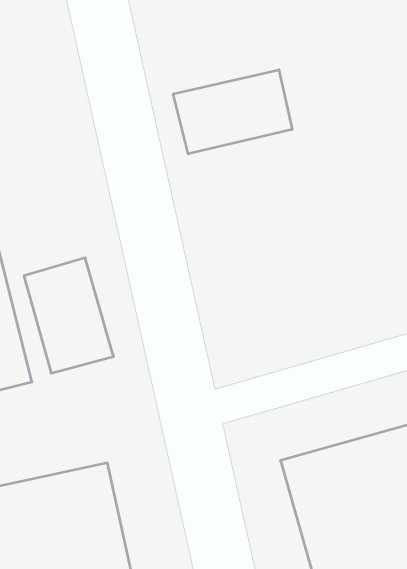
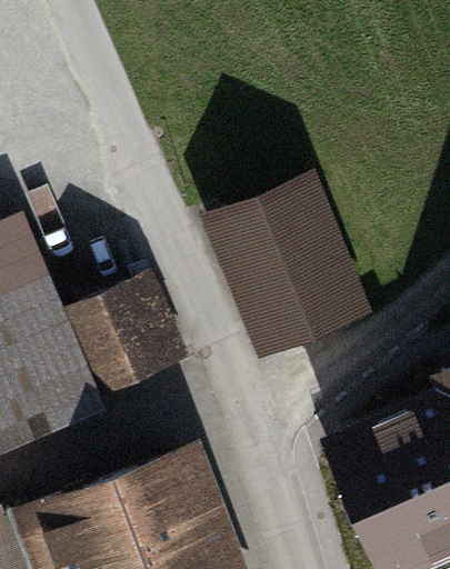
building: [173,70,292,154] -> none
building: none -> [230,184,353,338]

